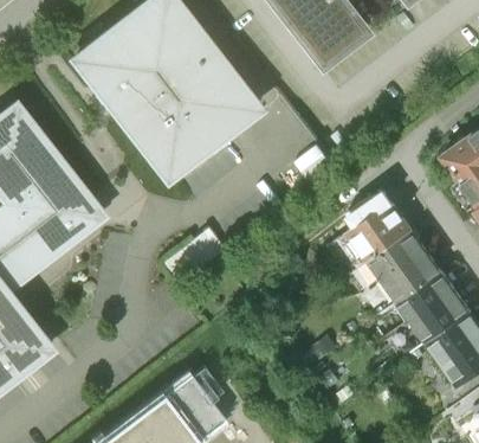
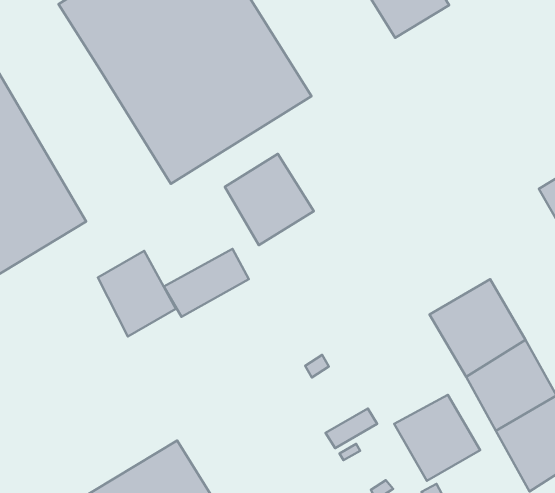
building: none -> [225,154,314,245]
building: [347,193,410,263] -> none
building: none -> [98,251,176,336]
building: none -> [394,395,480,481]

